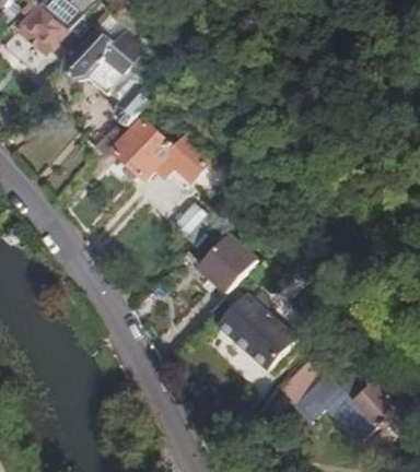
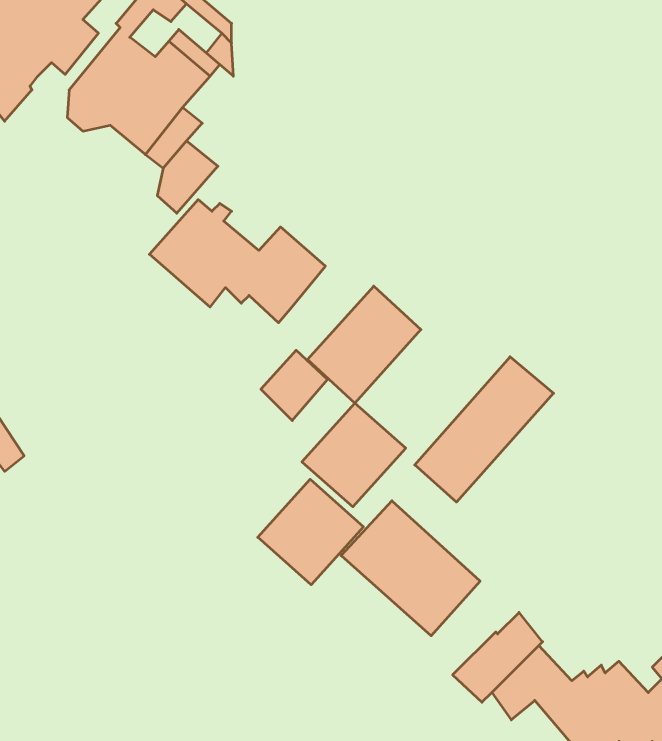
building: none -> [308,286,421,403]
building: none -> [415,357,554,502]
building: none -> [258,479,363,585]

